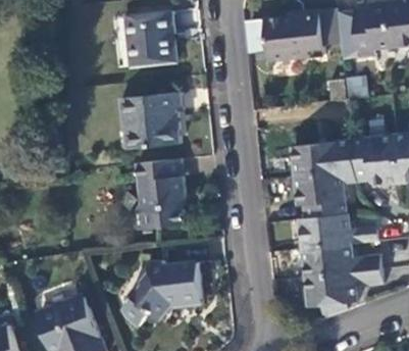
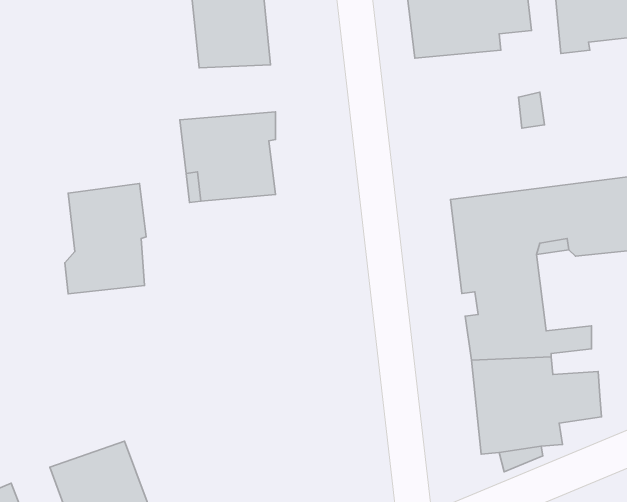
building: [134,159,185,229] -> [65,183,146,294]
building: [121,259,201,324] -> none

